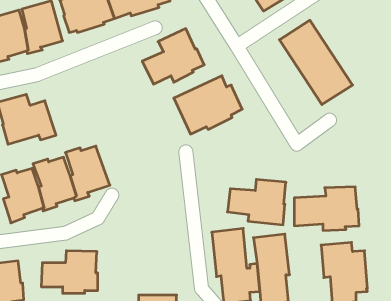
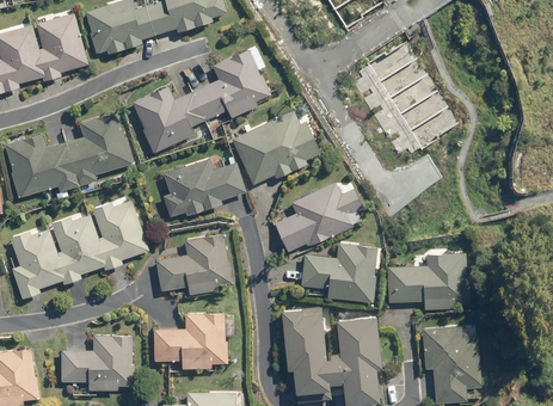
building: none -> [131,86,205,153]
building: none -> [66,111,134,186]
building: none -> [162,159,246,217]
building: none -> [275,182,363,252]
building: none -> [155,234,234,295]
building: none -> [154,313,227,369]

